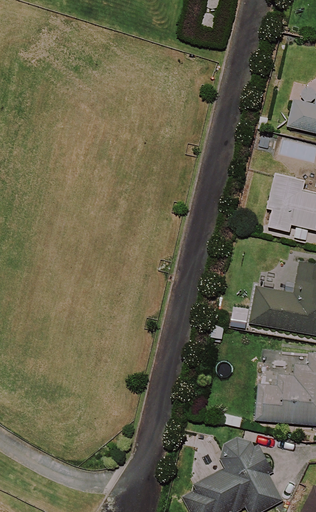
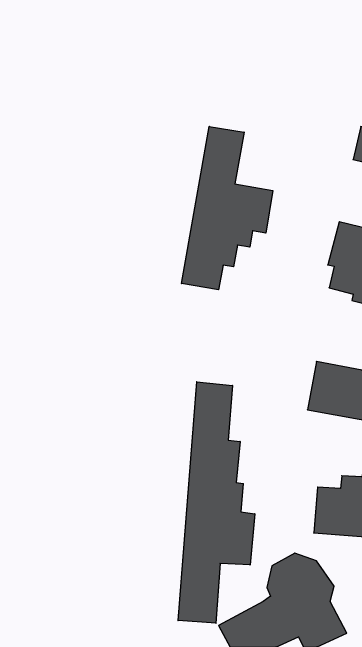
building: none -> [182,126,273,290]
building: none -> [178,382,255,623]

